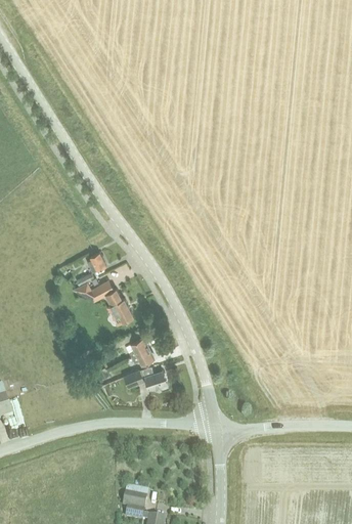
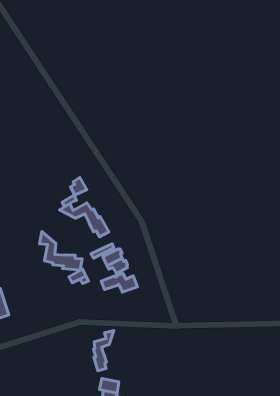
building: none -> [40,231,82,270]
building: none -> [93,330,114,371]

